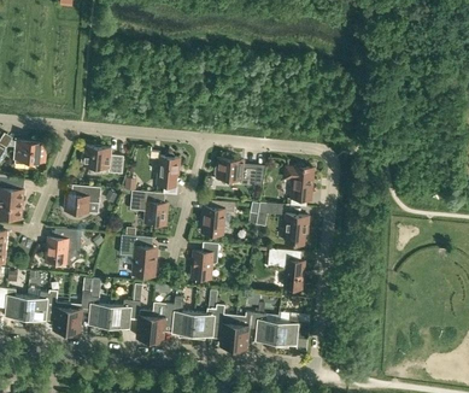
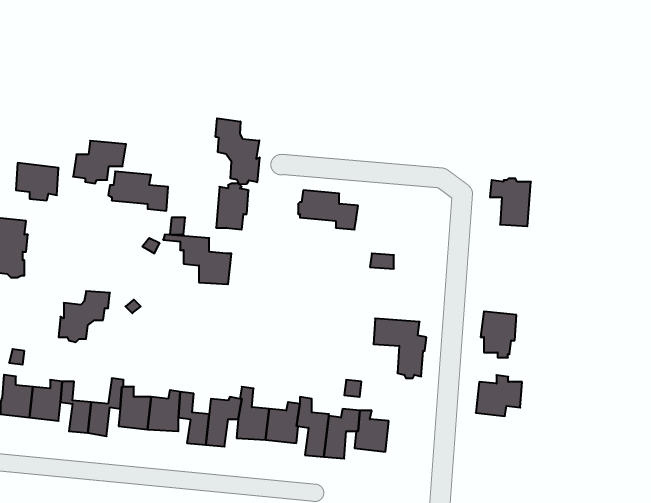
building: none -> [216,118,260,185]
building: [285,166,313,200] -> [490,178,531,226]
building: [64,186,101,216] -> [73,141,126,183]
building: [201,201,235,235] -> none
building: [283,215,309,247] -> [481,311,516,358]
building: [119,235,157,277] -> none
building: [192,244,218,280] -> none
building: [276,317,309,346] -> [476,375,522,416]

